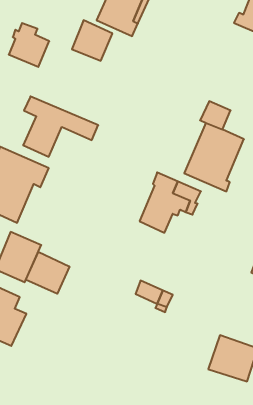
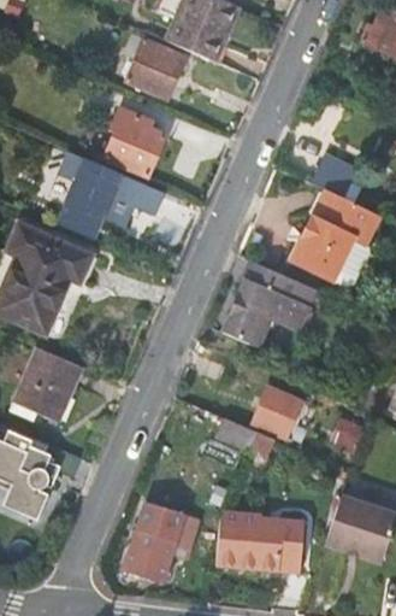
building: [9,23,49,67] -> [104,110,162,174]
building: [26,252,69,294] -> none
building: none -> [252,388,302,439]
building: none -> [125,501,185,580]
building: none -> [219,515,306,571]

